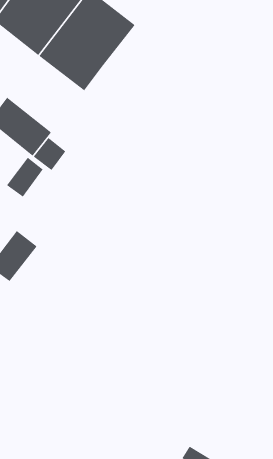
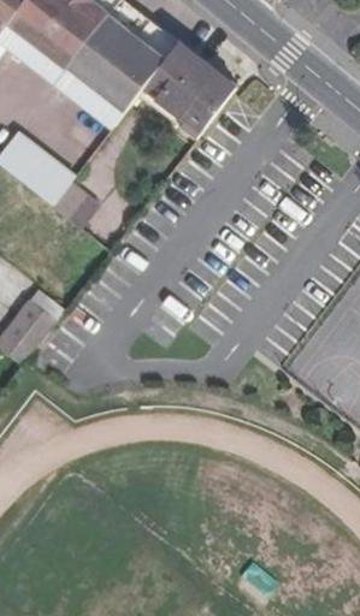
building: none -> [140,41,237,136]
building: [6,157,44,198] -> none

